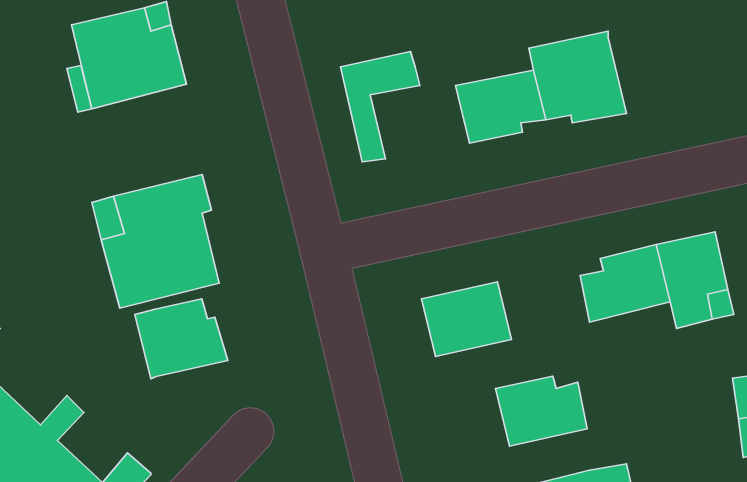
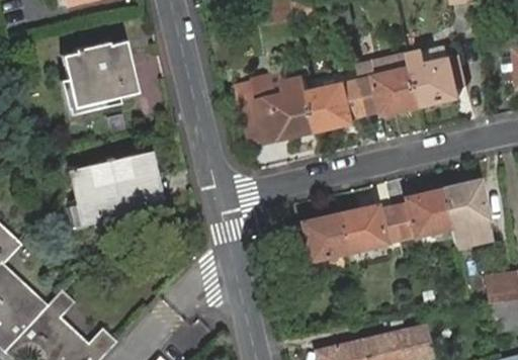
building: none -> [412,50,462,106]
building: none -> [257,71,322,136]
building: [135,299,228,379] -> none
building: [495,376,587,446] -> [340,207,400,253]

